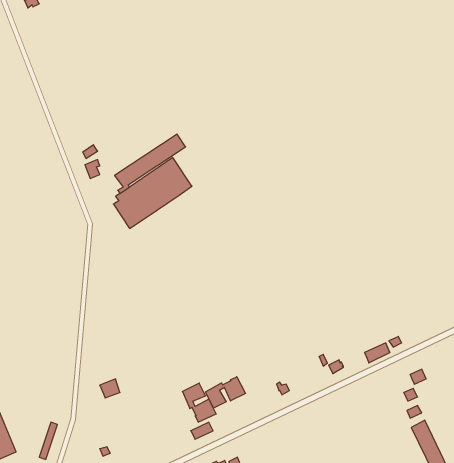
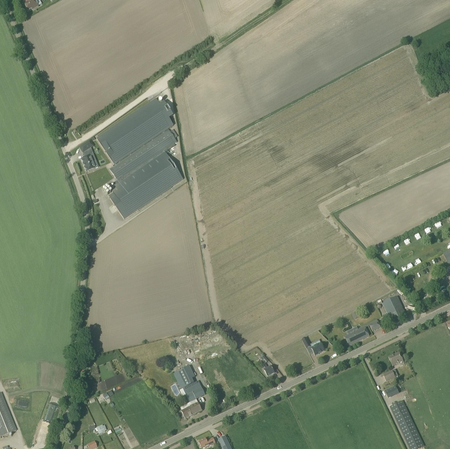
building: none -> [96,98,172,164]
building: none -> [382,295,406,324]
building: [205,377,246,408] -> none

